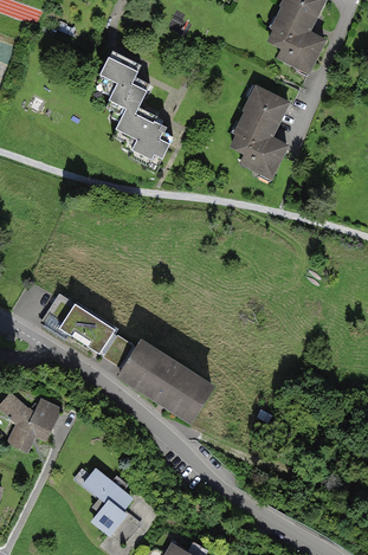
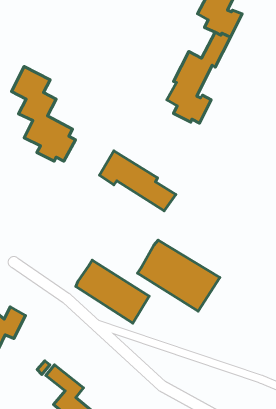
building: [97,49,175,164] -> [12,66,75,161]
building: [44,295,137,368] -> [99,151,176,211]
building: none -> [138,240,220,311]

